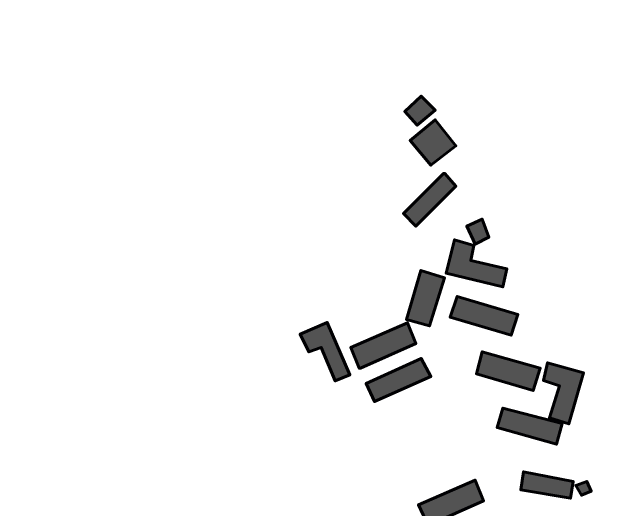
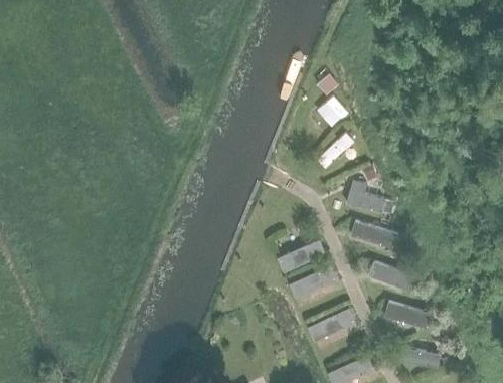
building: [406,270,444,326] -> none
building: [300,322,350,381] -> none
building: [543,363,584,424] -> none
building: none -> [308,309,355,342]

